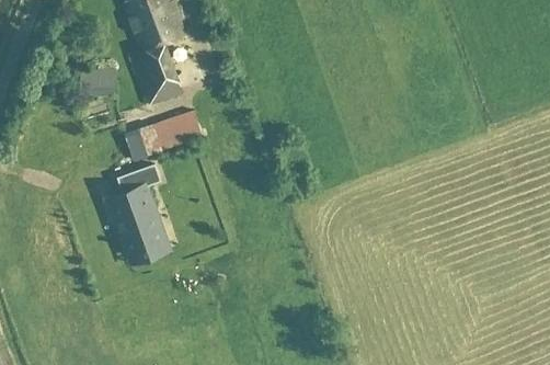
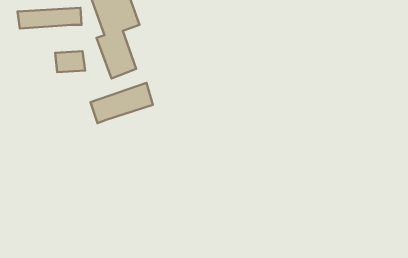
building: none -> [18,8,81,29]
building: [107,163,168,255] -> none

